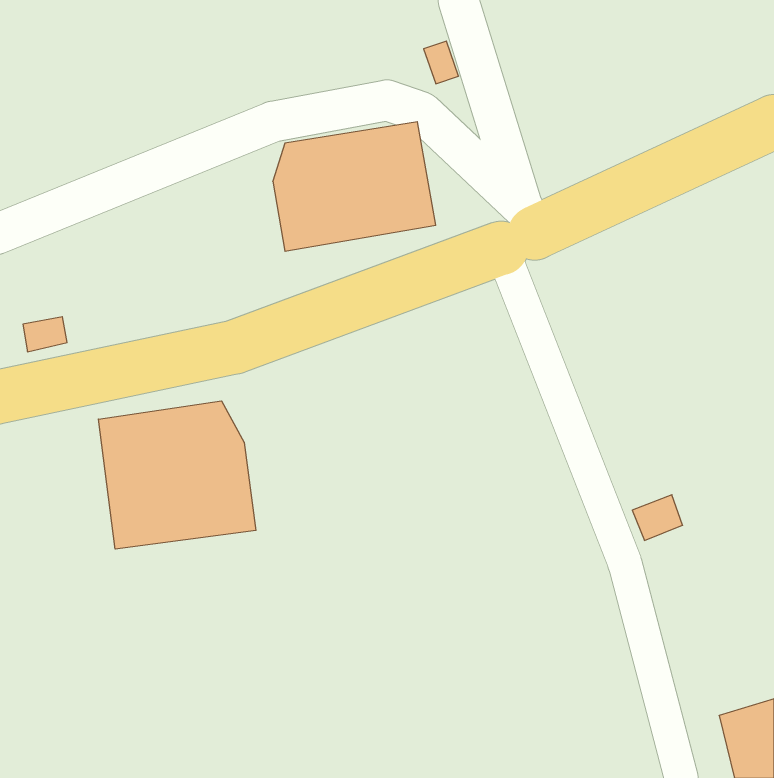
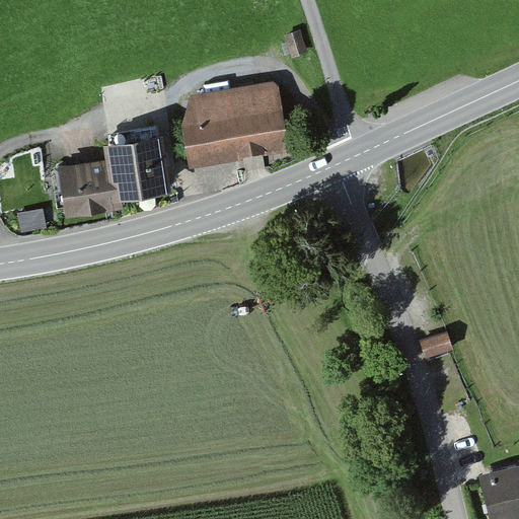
building: none -> [58,133,170,217]
building: [98,401,256,549] -> none

